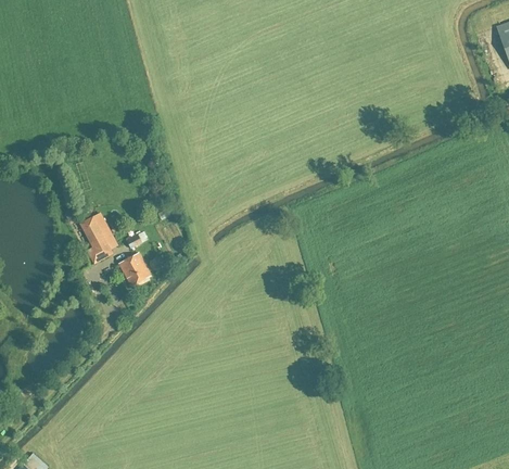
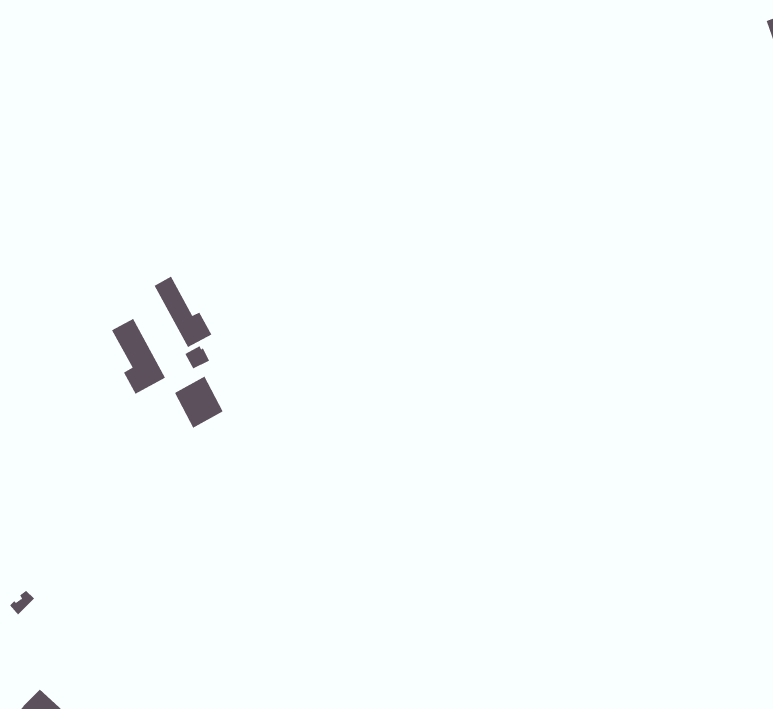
building: none -> [154,276,212,348]

